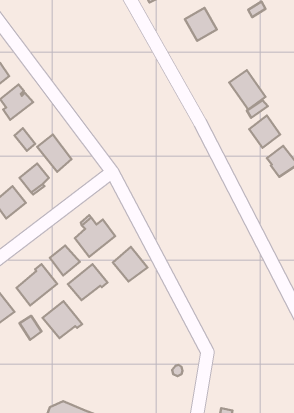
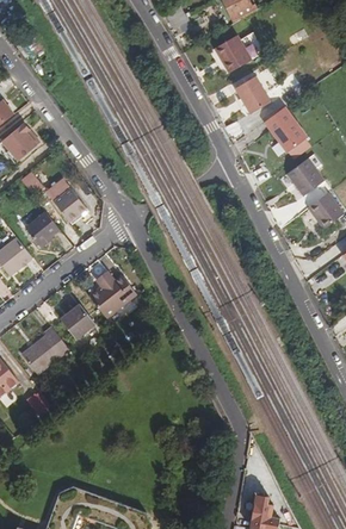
building: none -> [234,76,270,113]
building: [113,247,148,282] -> none
building: [68,264,108,300] -> none
building: [43,301,82,338] -> none

